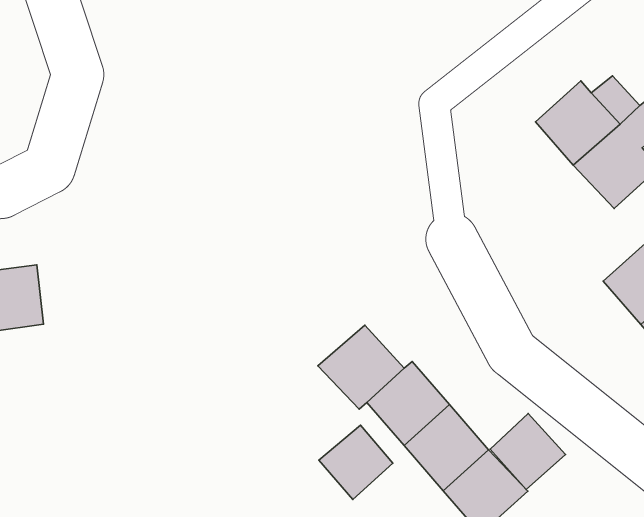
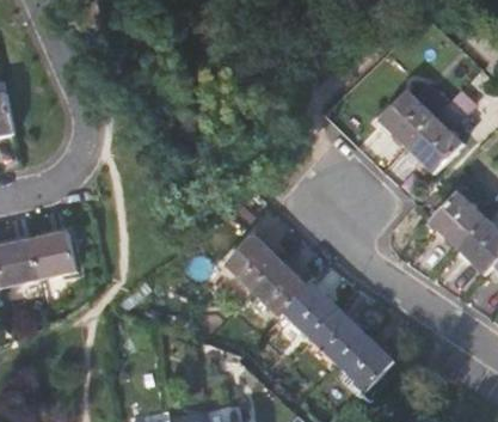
building: none -> [223,232,278,287]
building: [490,413,565,489] -> none
building: [319,425,393,499] -> none

